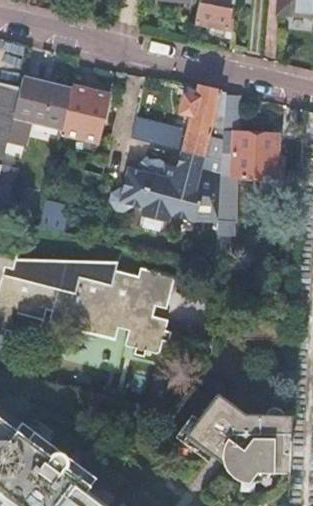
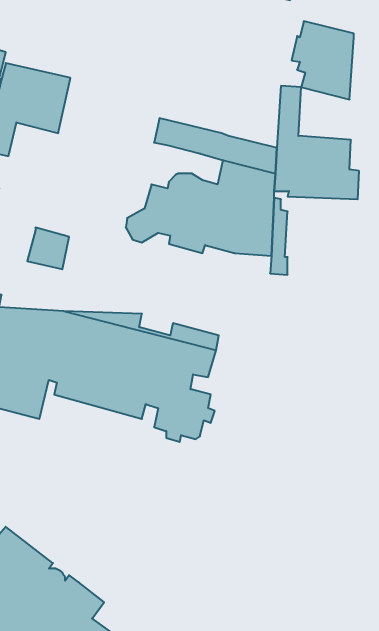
building: [179,82,225,140] -> [292,21,354,99]
building: [59,84,109,143] -> none
building: [175,394,291,476] -> none

